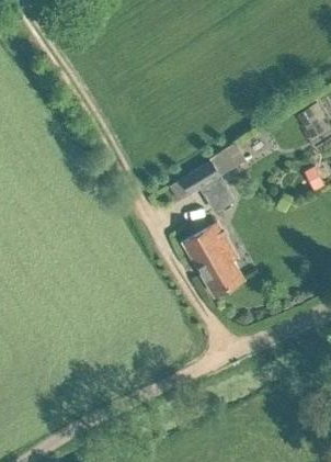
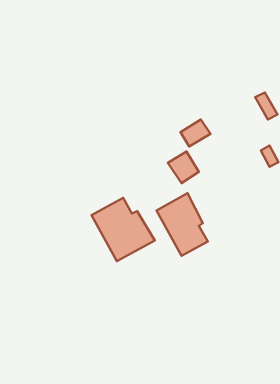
building: [180,160,219,195] -> none
building: none -> [91,198,155,261]

